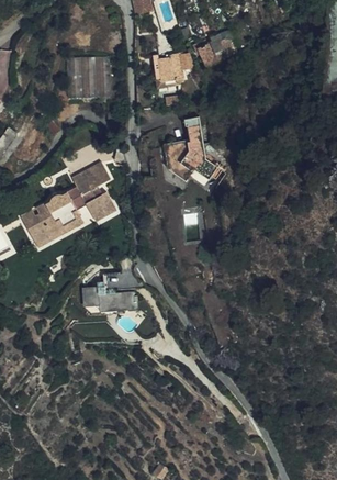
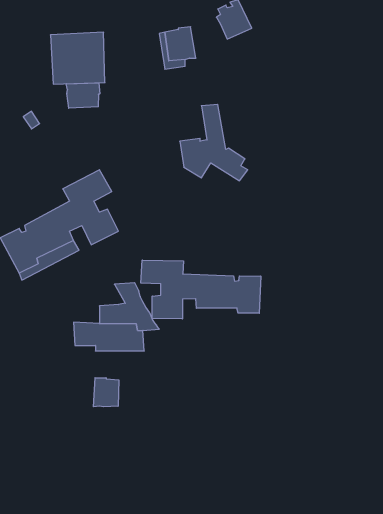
building: none -> [66,83,100,108]
building: none -> [141,260,261,319]
building: none -> [94,378,119,407]

